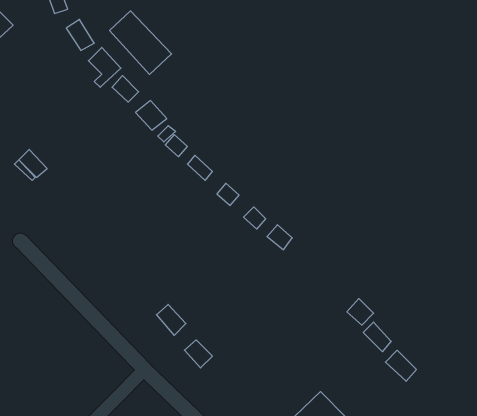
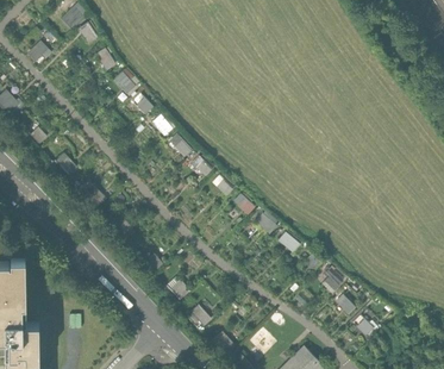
building: [110,11,172,74] -> none

